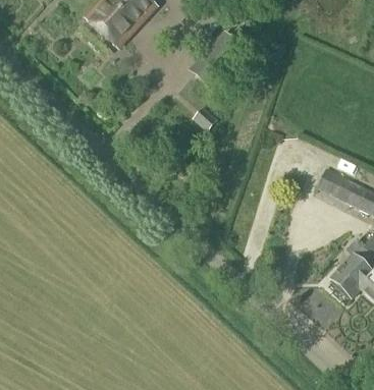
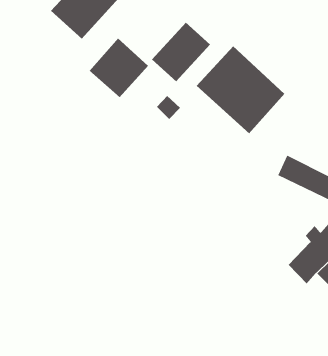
building: none -> [89,38,149,98]
building: none -> [196,46,285,134]

